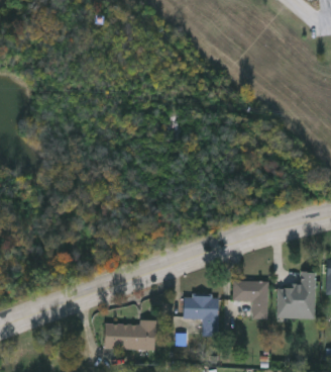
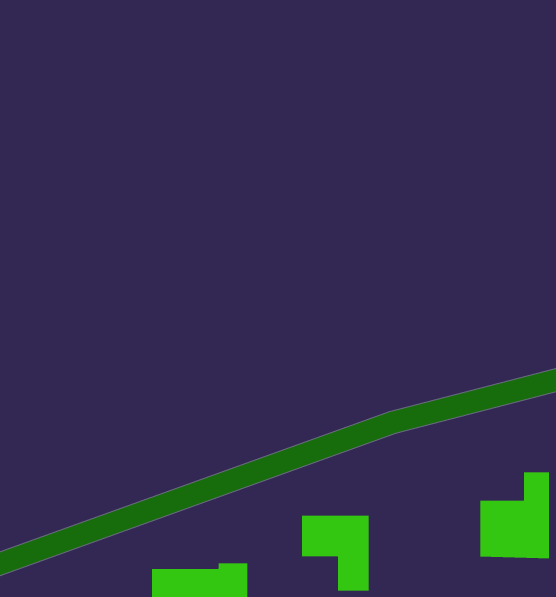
building: [233,281,268,319] -> none

